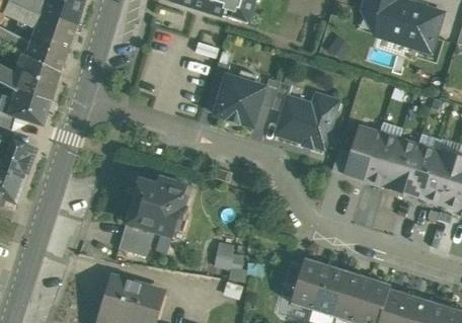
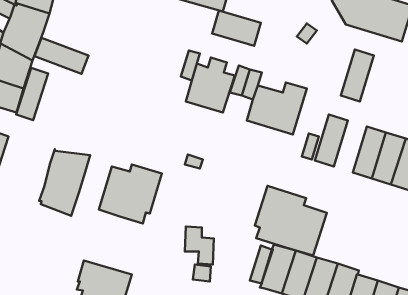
building: none -> [212,11,261,46]
building: none -> [34,38,89,74]
building: none -> [16,68,48,120]
building: [365,133,398,185] -> [341,50,374,102]
building: none -> [39,149,90,216]
building: none -> [255,186,327,255]
building: [119,223,149,256] -> none

